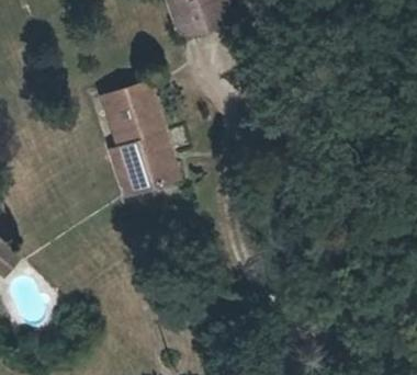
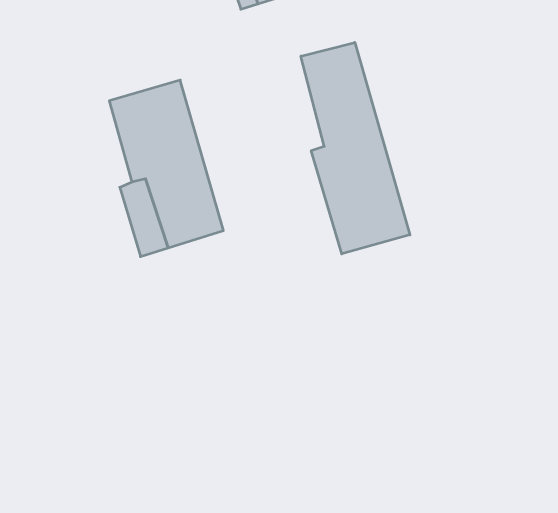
building: none -> [301,42,410,254]

